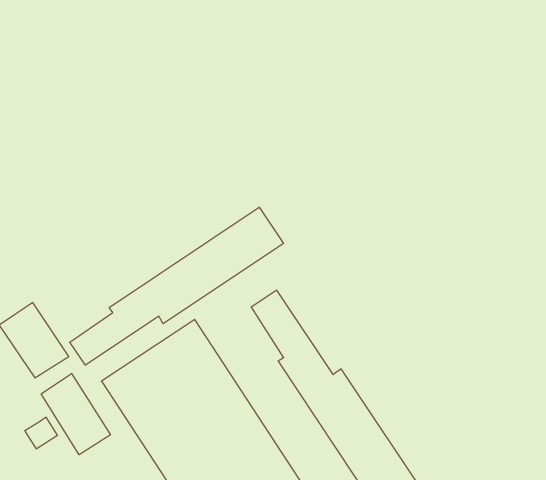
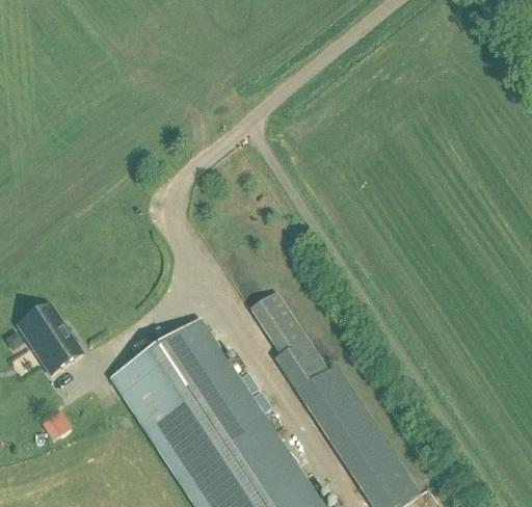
building: [70,207,283,365] -> none
building: [41,373,110,455] -> none

